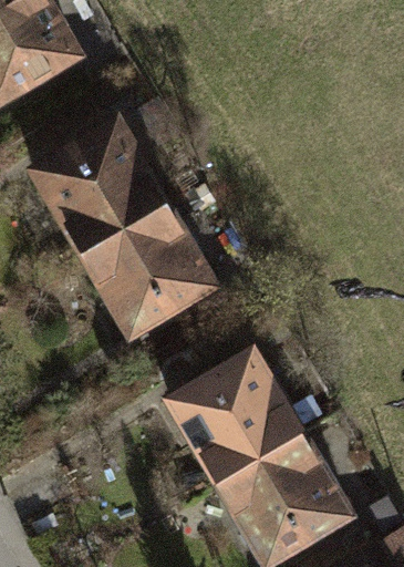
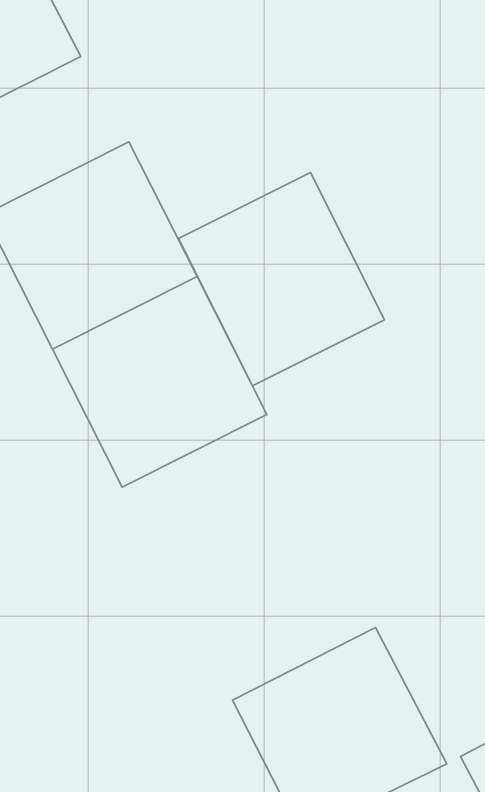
building: none -> [178,173,385,386]
building: [162,343,304,483] -> none

